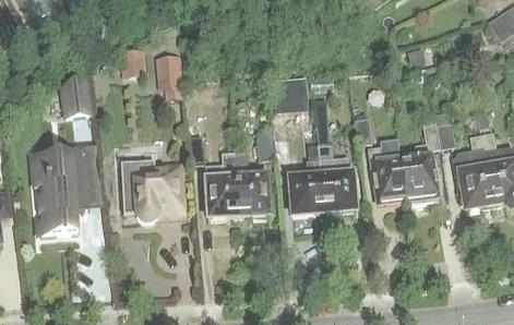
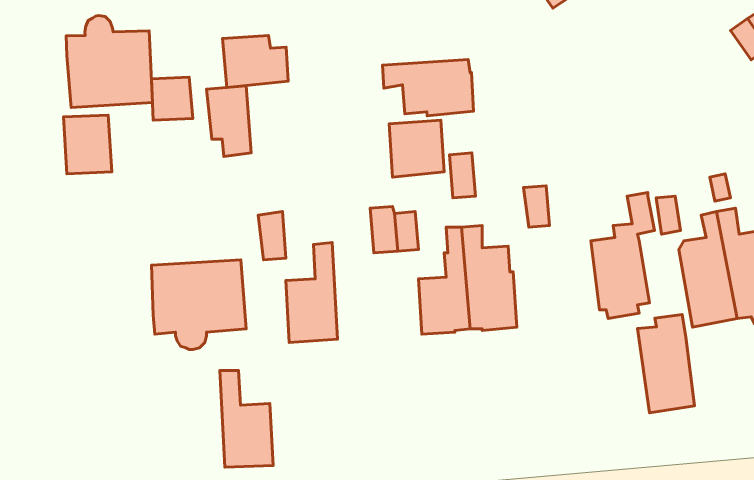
building: none -> [66,16,152,107]
building: none -> [222,36,288,87]
building: none -> [382,59,474,116]
building: [369,139,405,201] -> [638,315,694,413]
building: [33,146,87,234] -> none
building: [236,154,270,215] -> [220,371,273,467]

